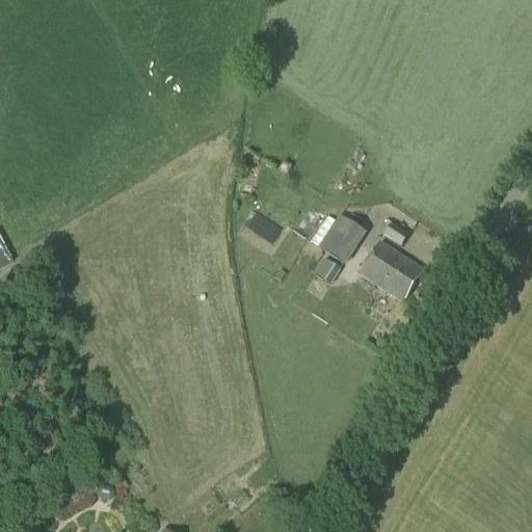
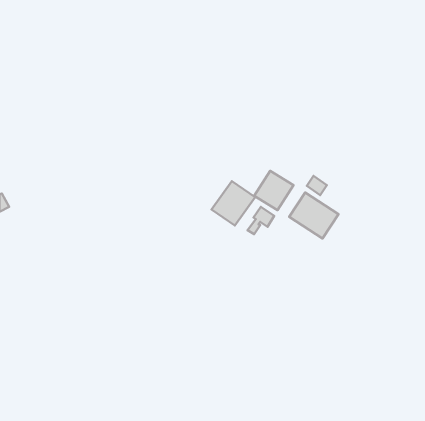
building: none -> [212,181,255,226]

